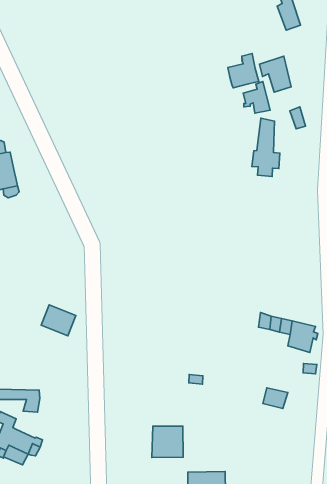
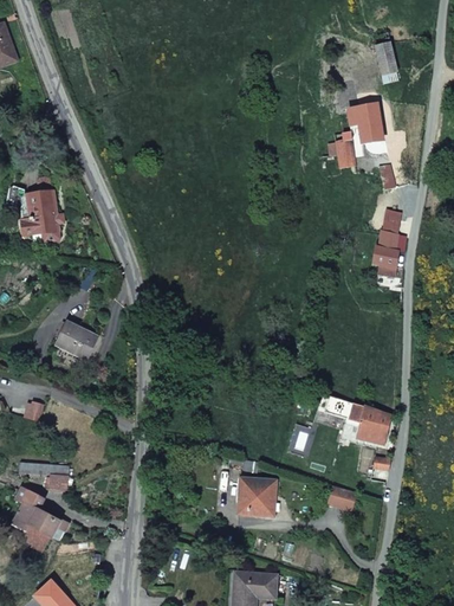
building: [228,54,259,88] -> none
building: [252,118,280,176] -> [370,208,403,276]
building: [41,305,76,336] -> [57,322,97,359]
building: [152,426,183,457] -> [235,478,273,516]

